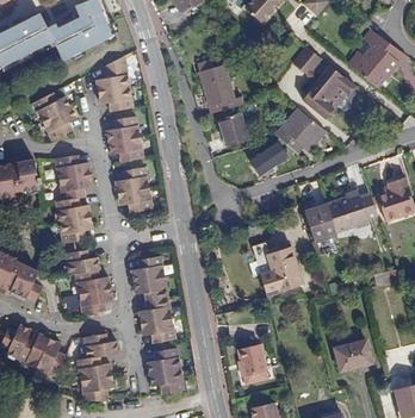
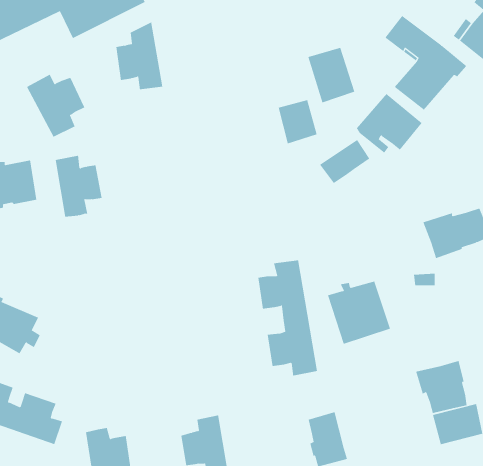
building: [199,63,235,105] -> [307,47,355,103]
building: [105,110,142,156] -> none
building: [114,162,151,208] -> none
building: [52,198,88,242] -> none
building: [305,202,337,239] -> none
building: [62,249,107,317] -> none
building: [129,254,174,341] -> [257,260,318,376]
building: none -> [416,360,467,414]
building: [80,333,113,357] -> none

